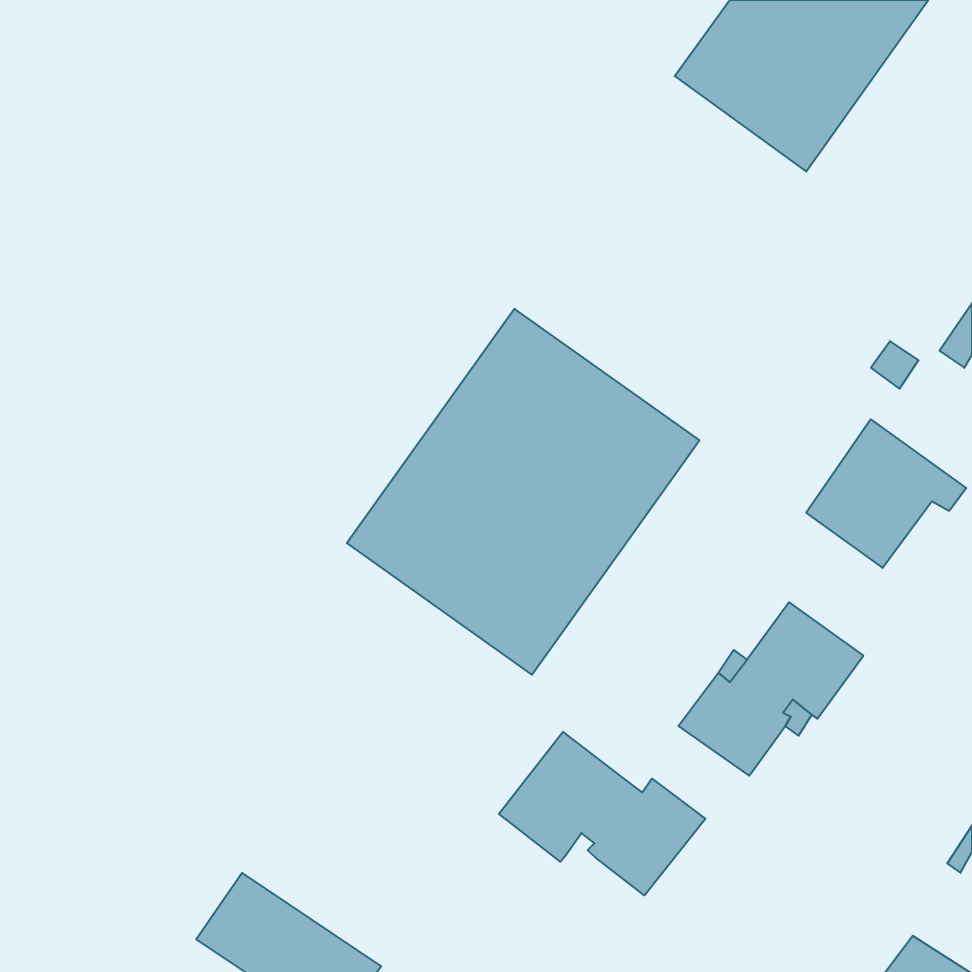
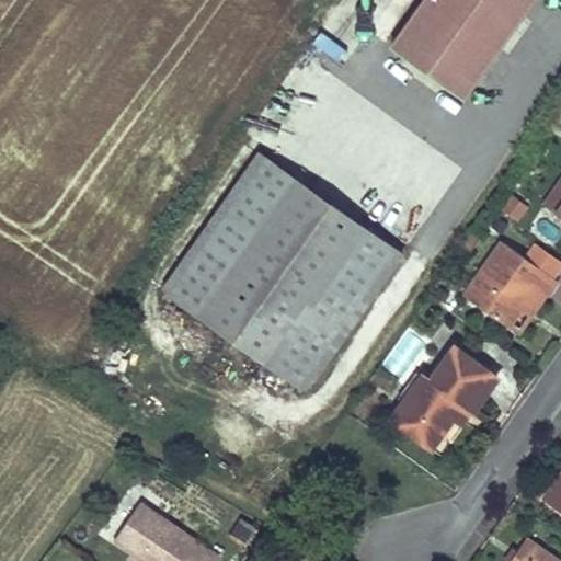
building: none -> [162,152,296,313]
building: [499,732,705,895] -> none

